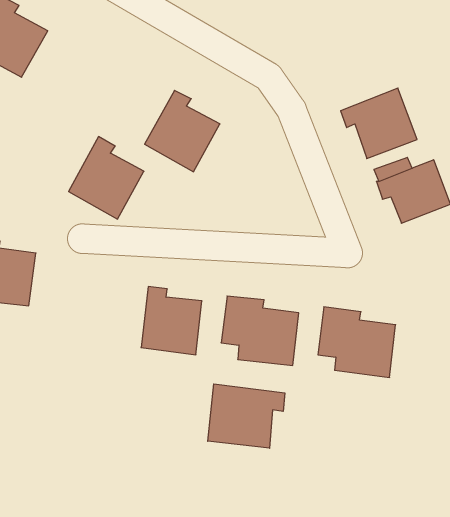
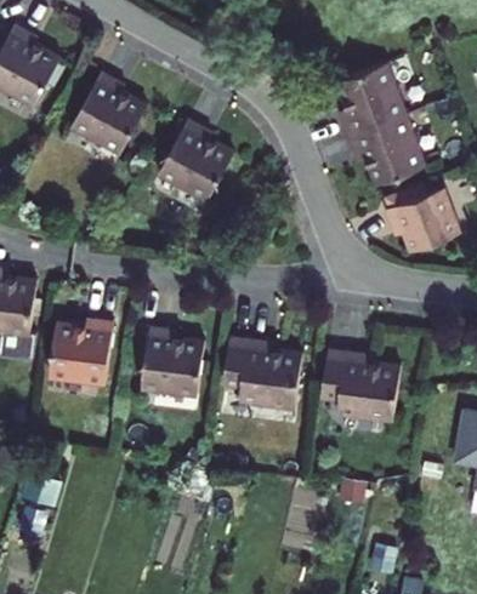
building: none -> [336,68,407,142]
building: [69,137,144,219] -> [62,73,138,156]
building: none -> [52,313,117,377]
building: [208,384,285,448] -> none

